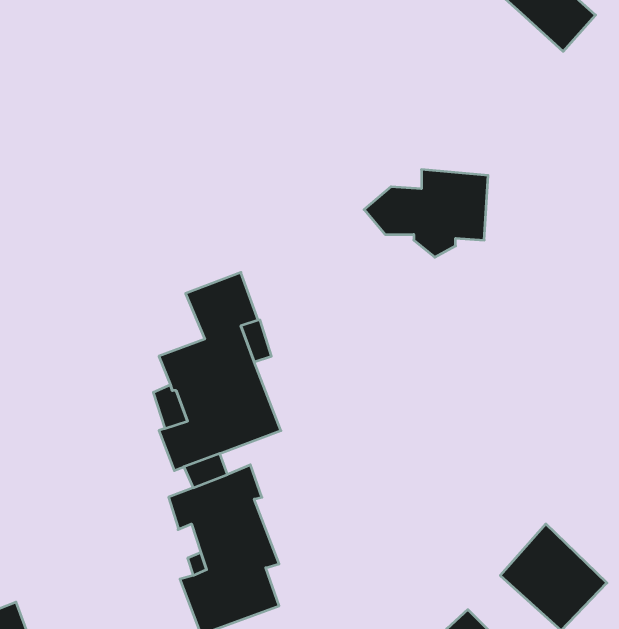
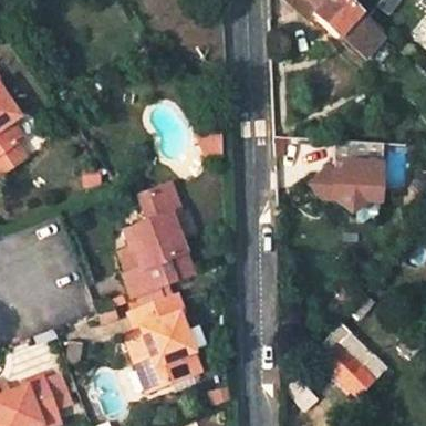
building: [364,170,488,257] -> [308,158,380,209]

